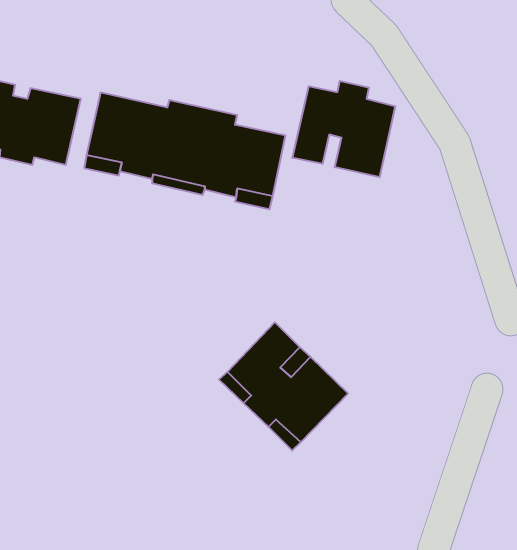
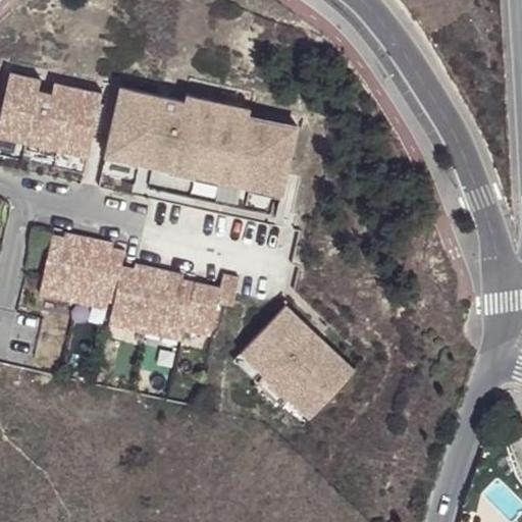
building: [292,81,395,177] -> none
building: none -> [39,234,239,342]

